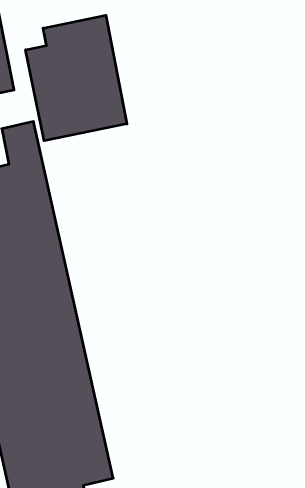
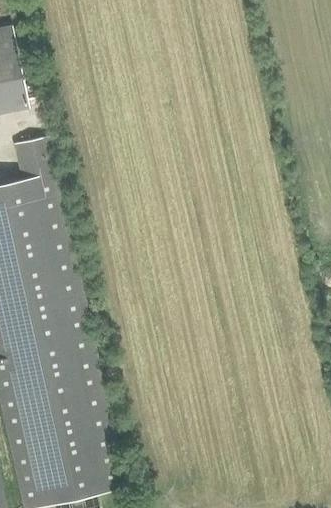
building: [26,15,127,141] -> none

